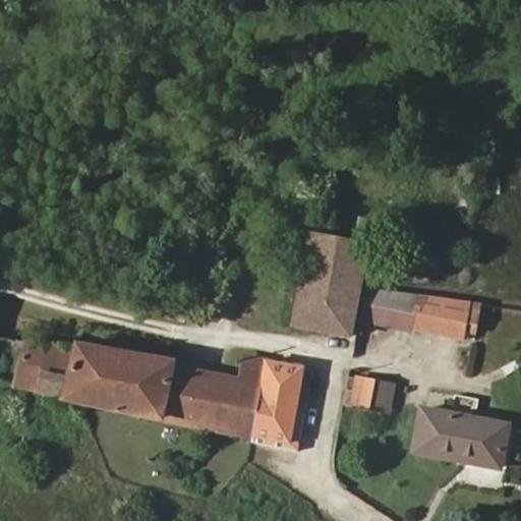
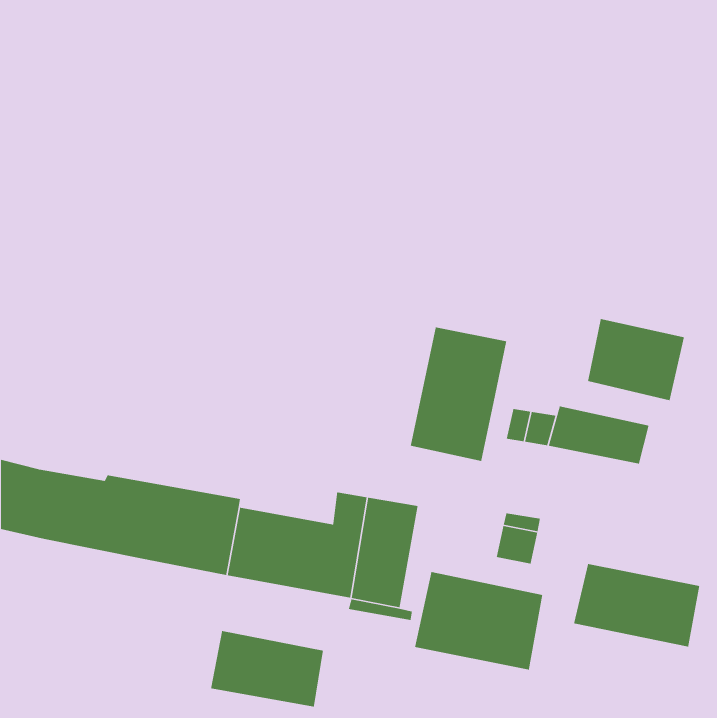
building: none -> [587,318,685,401]
building: none -> [414,571,543,671]
building: none -> [210,630,324,708]

